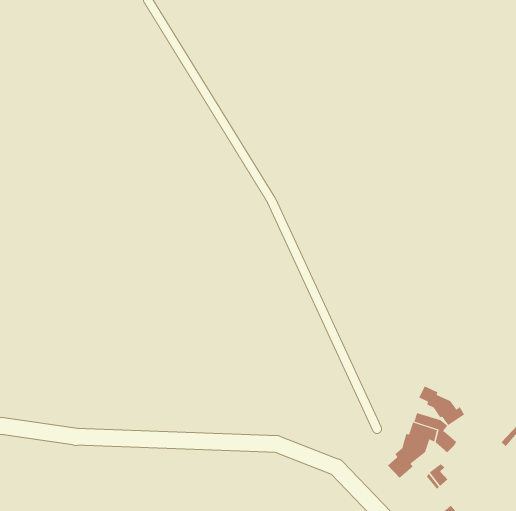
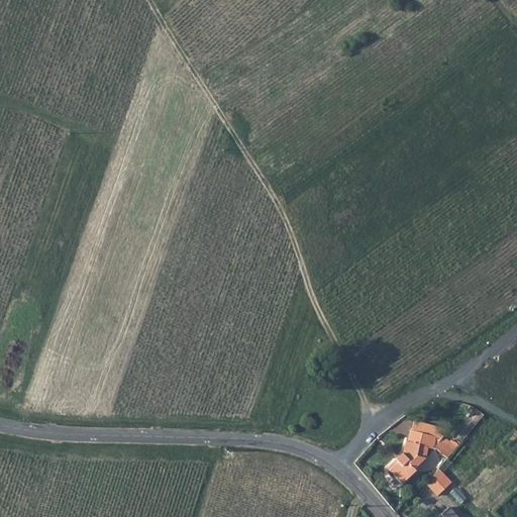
building: [419,385,465,426] -> none

